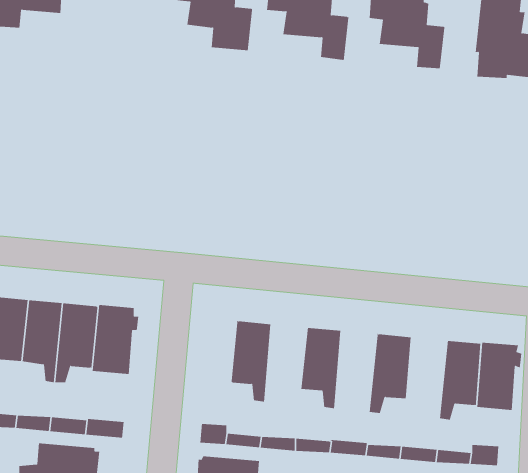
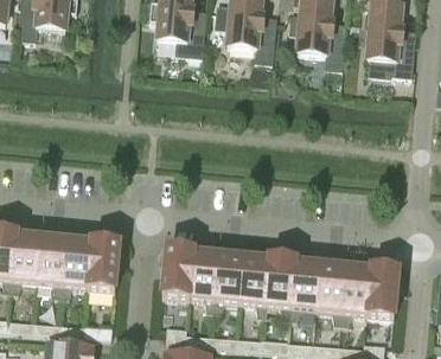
building: none -> [162,243,194,294]
building: none -> [215,250,245,307]
building: none -> [266,254,296,314]
building: none -> [318,259,347,319]

